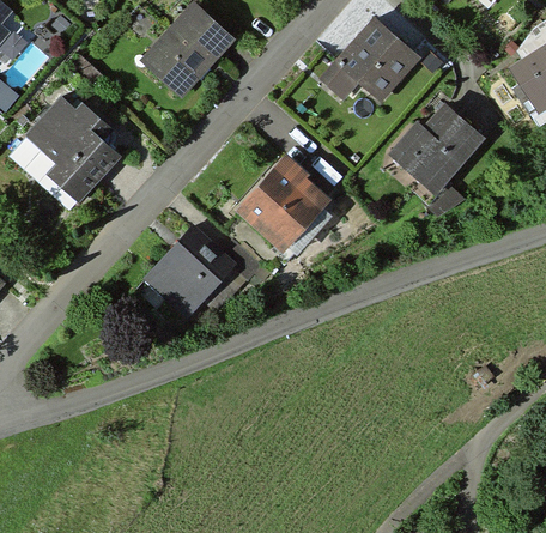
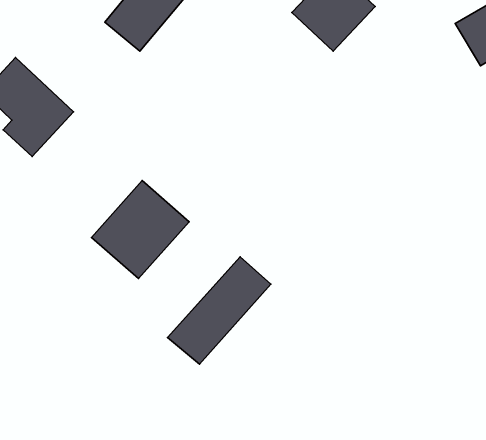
building: [384,107,473,198] -> none
building: [231,160,327,256] -> none
building: none -> [168,257,271,364]

